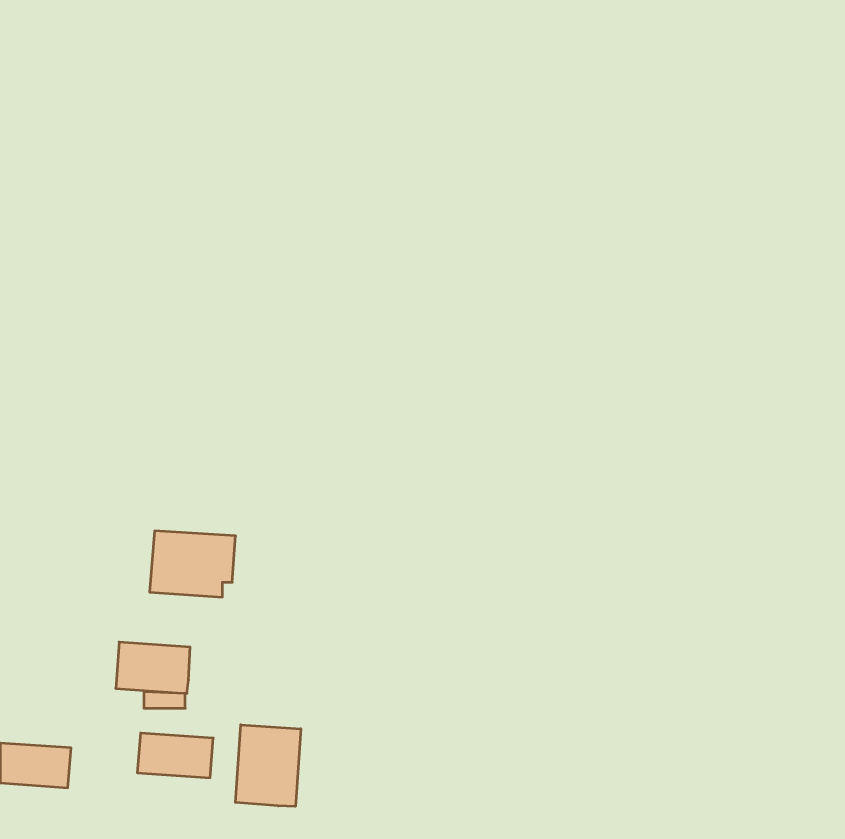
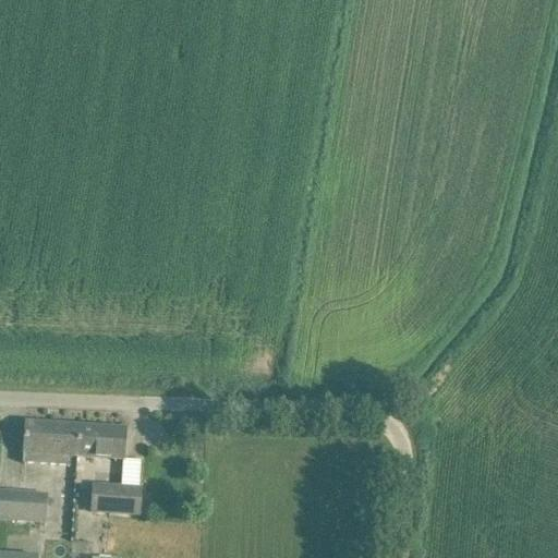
building: [150,531,236,597] -> [22,420,78,463]
building: [235,725,301,806] -> none

